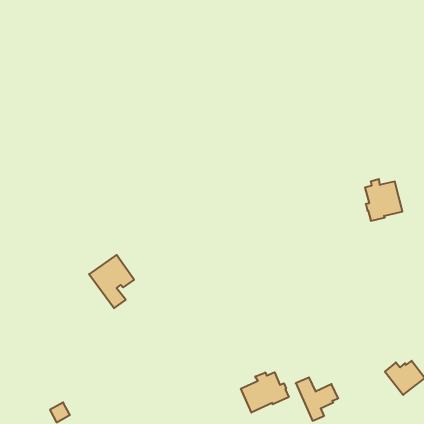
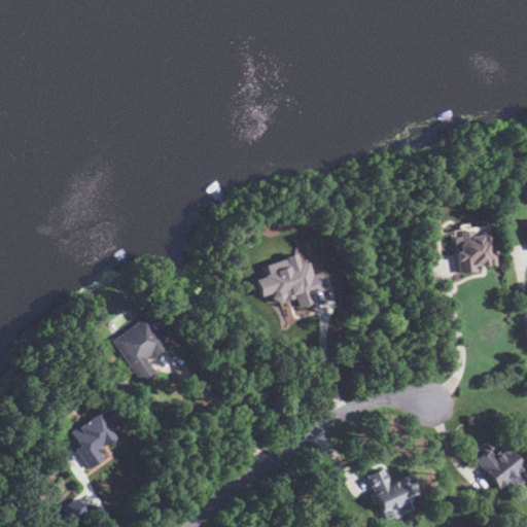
building: none -> [257,253,328,308]
building: none -> [71,412,118,470]
building: [241,372,289,413] -> none

